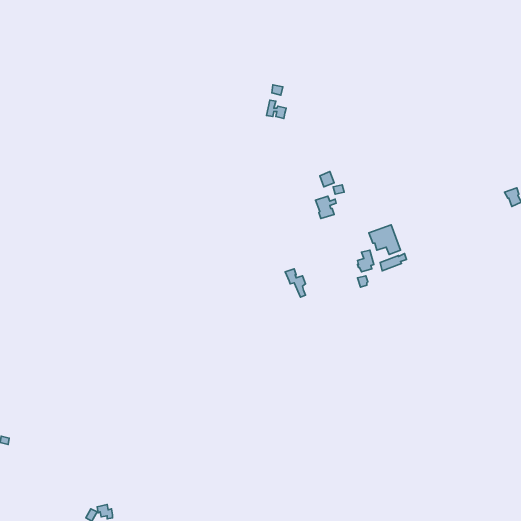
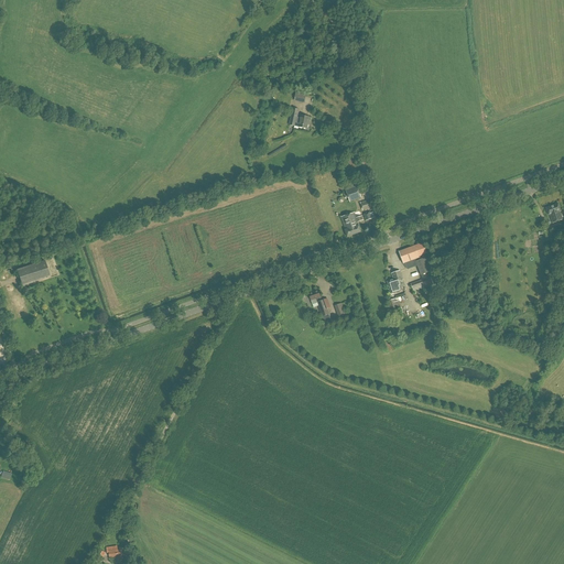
building: none -> [15,260,48,285]

